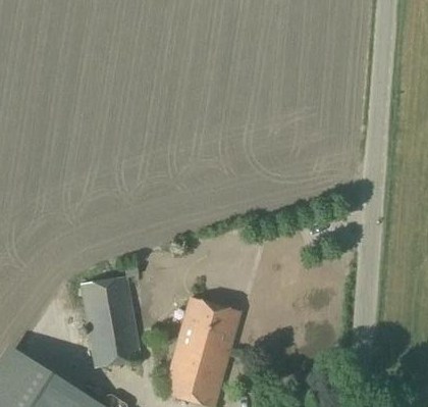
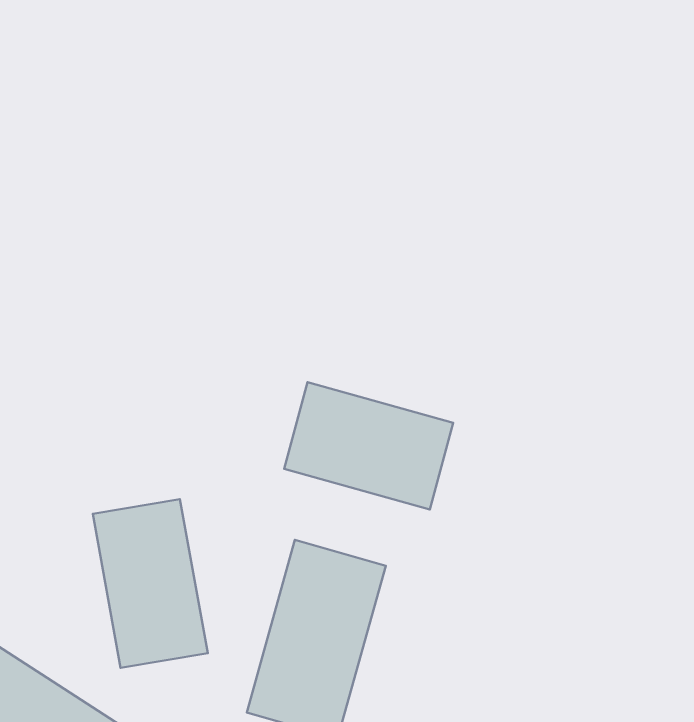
building: none -> [284,382,453,509]

